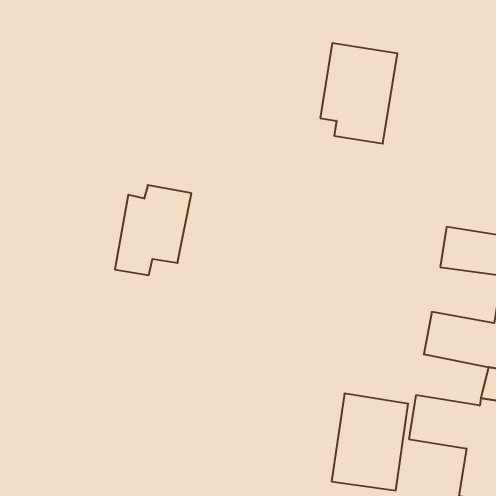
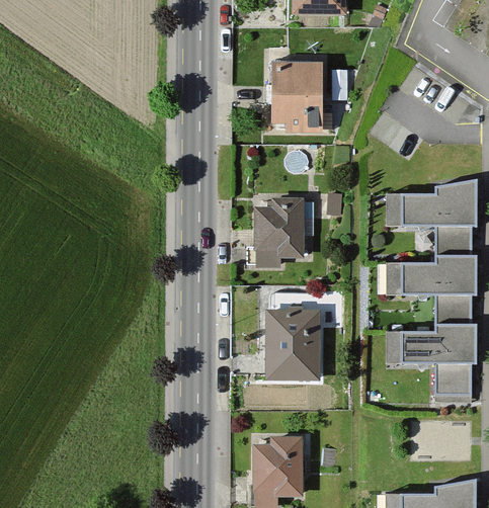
building: [115,185,191,275] -> [252,194,303,265]
building: [332,394,408,490] -> [267,309,320,379]

